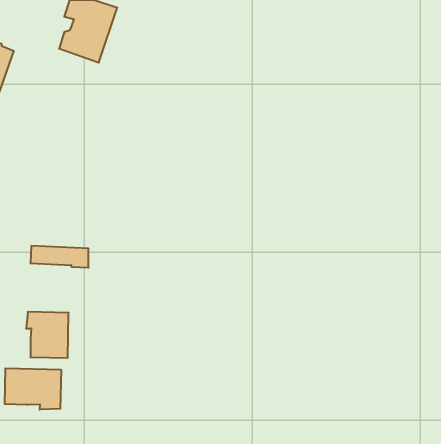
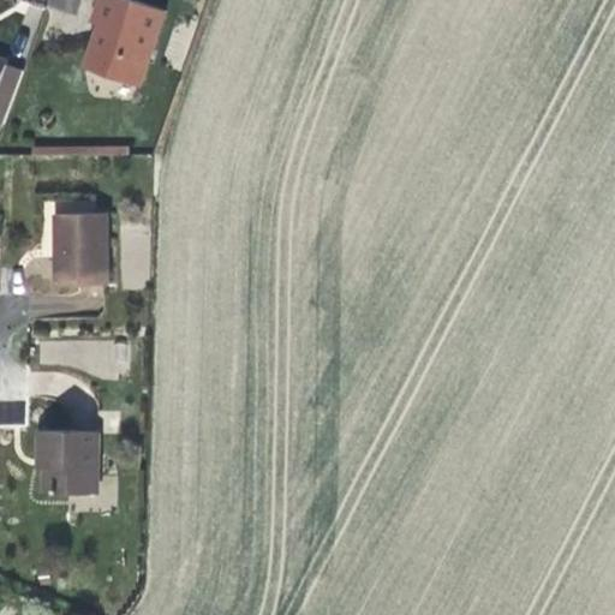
building: none -> [53,213,105,286]
building: [5,368,61,410] -> none

